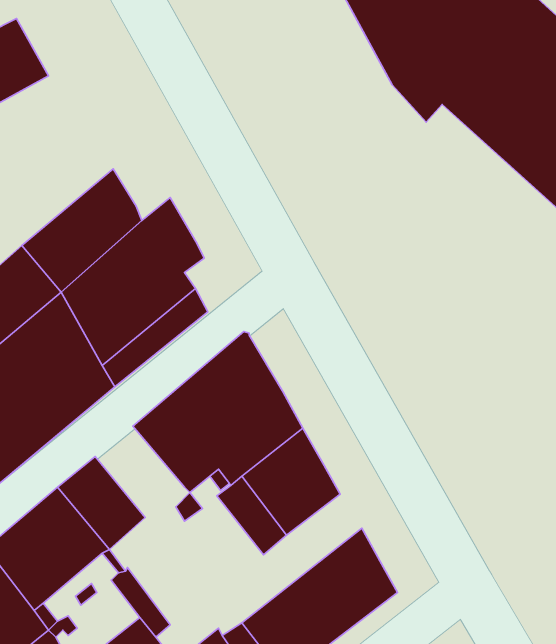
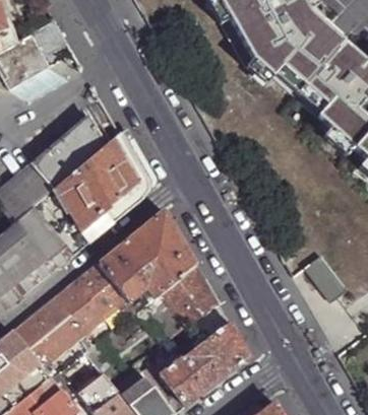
building: none -> [77,262,128,314]

